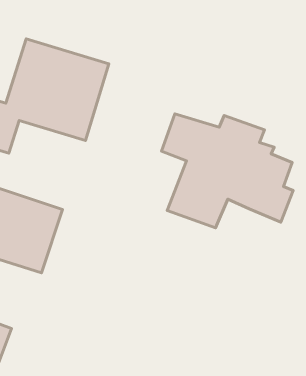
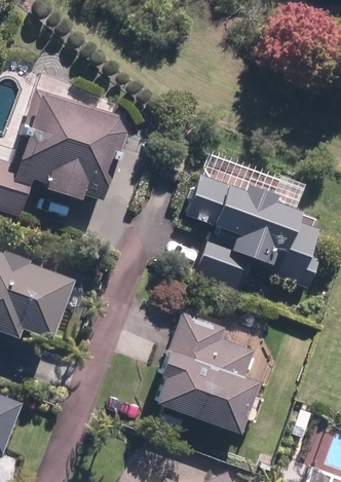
building: none -> [152,307,260,432]

